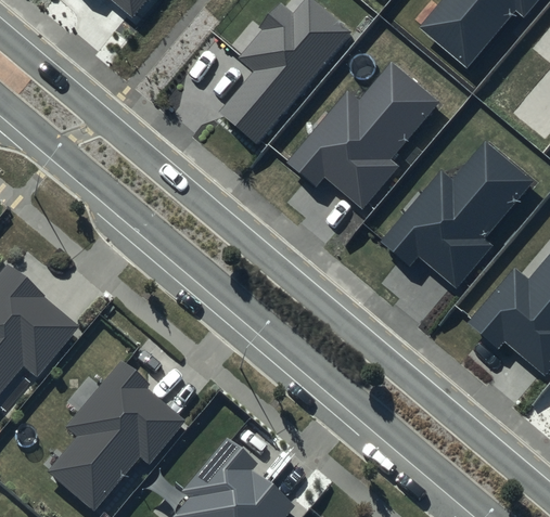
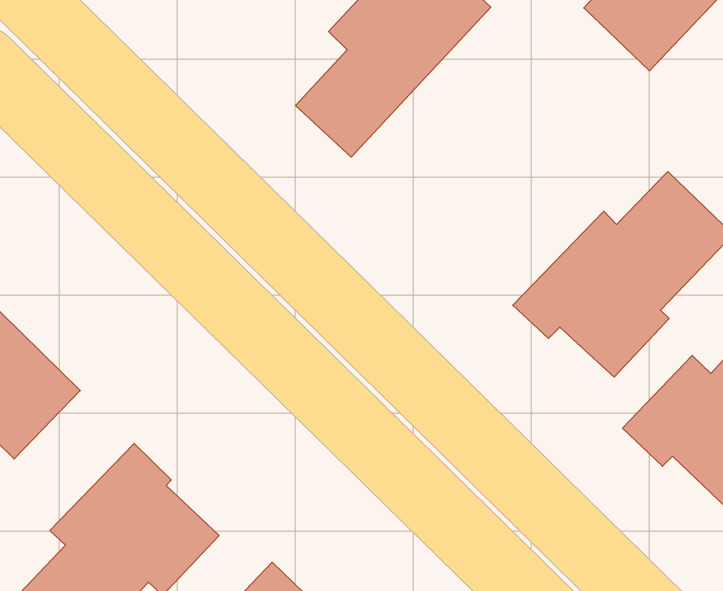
building: [289,64,439,210] -> none

